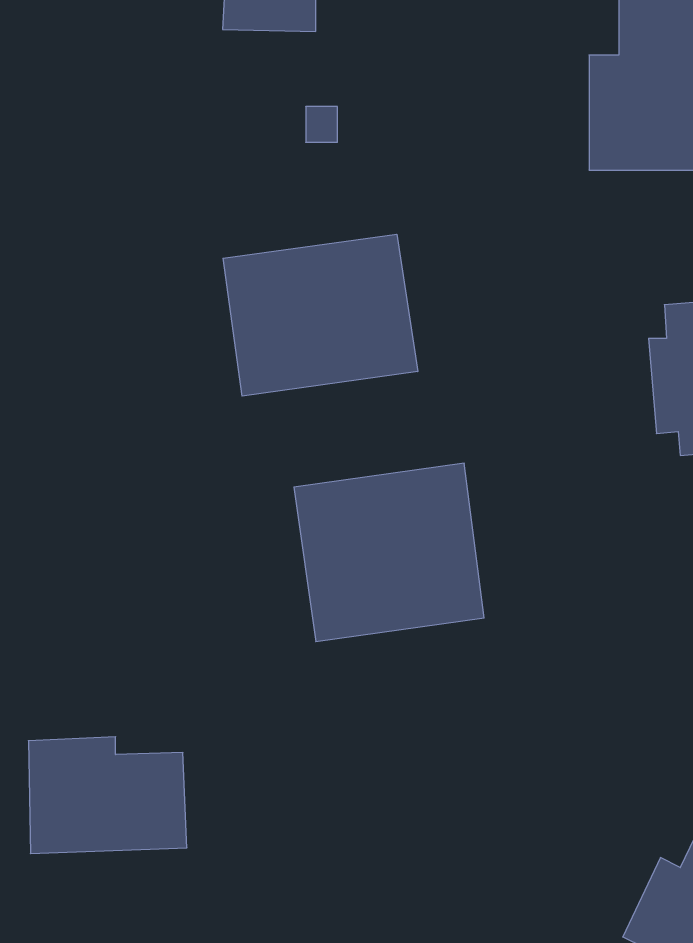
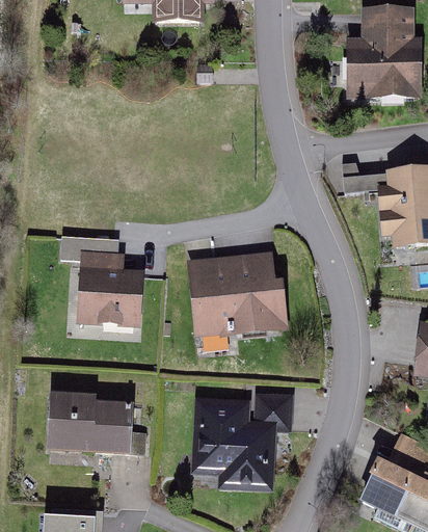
building: [223,234,418,396] -> none
building: none -> [77,249,144,326]
building: none -> [192,394,294,493]

